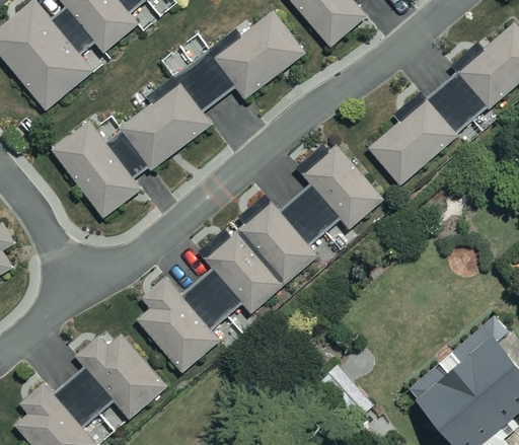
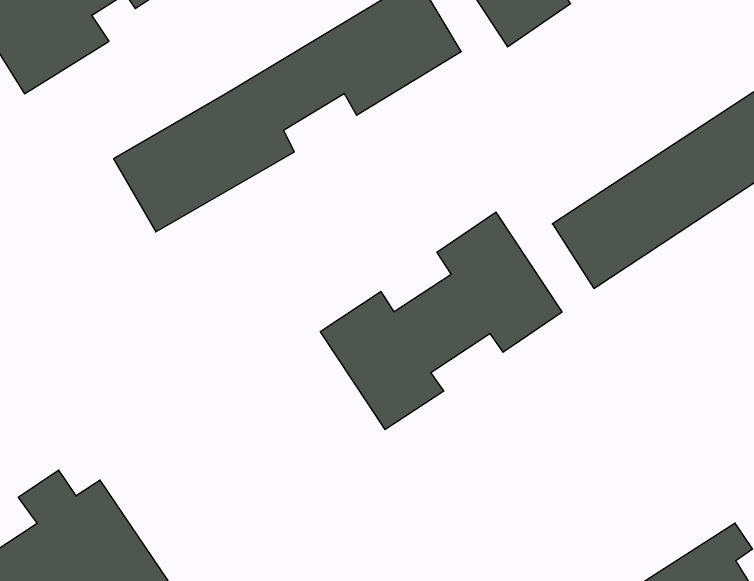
building: [53,123,139,218] -> none
building: [137,230,284,371] -> none

